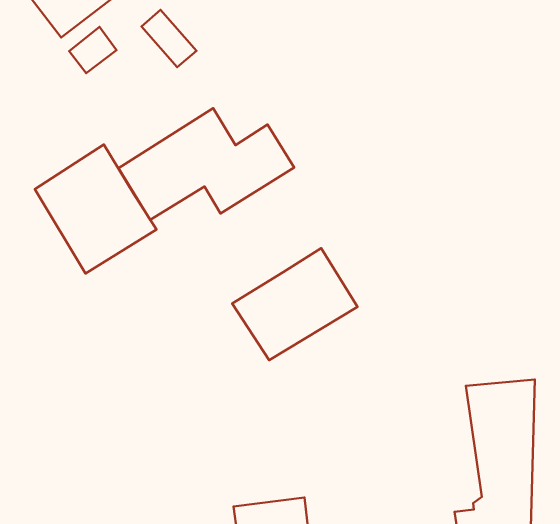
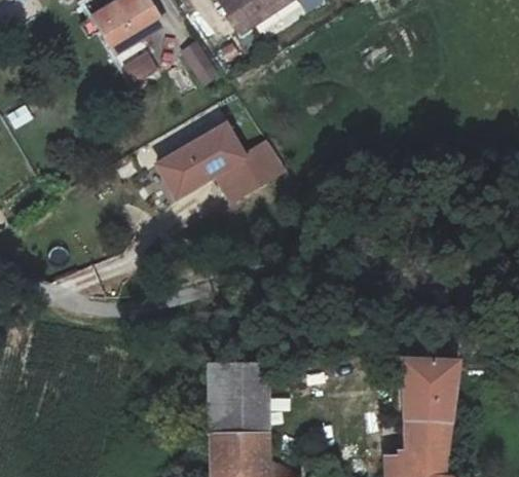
building: [35,145,157,274] -> none
building: [232,248,357,360] -> none
building: none -> [209,364,267,434]

